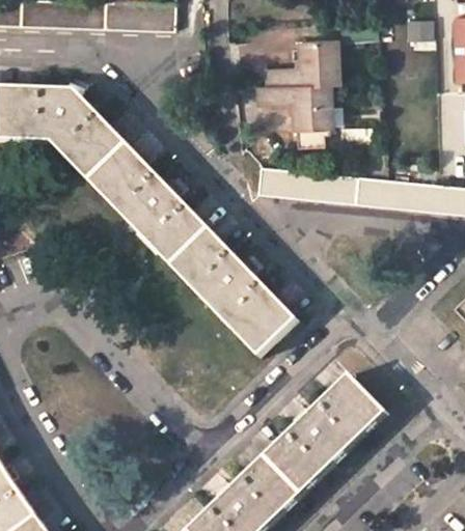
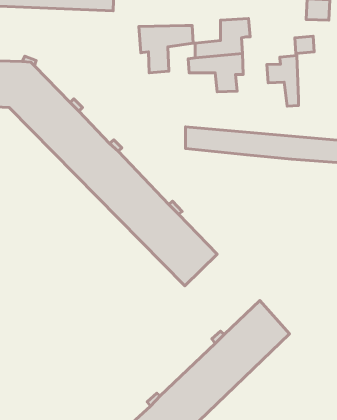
building: none -> [139,25,193,73]
building: none -> [267,56,299,106]

